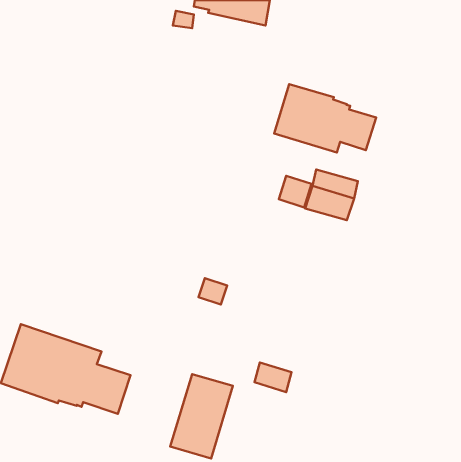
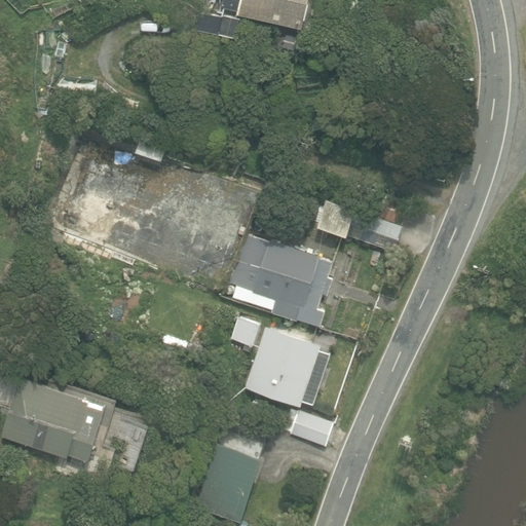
building: [274,84,376,153] -> none
building: none -> [227,235,331,327]
building: none -> [243,328,329,406]

